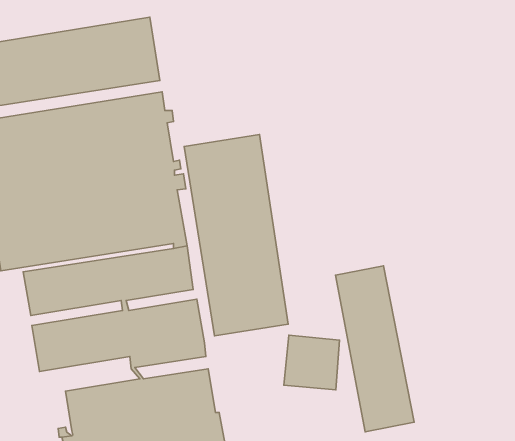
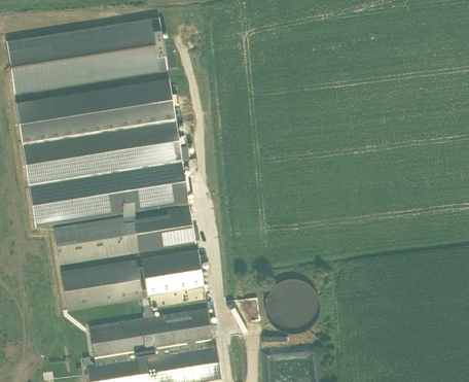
building: [184,135,288,336] -> none
building: [336,266,414,432] -> none

